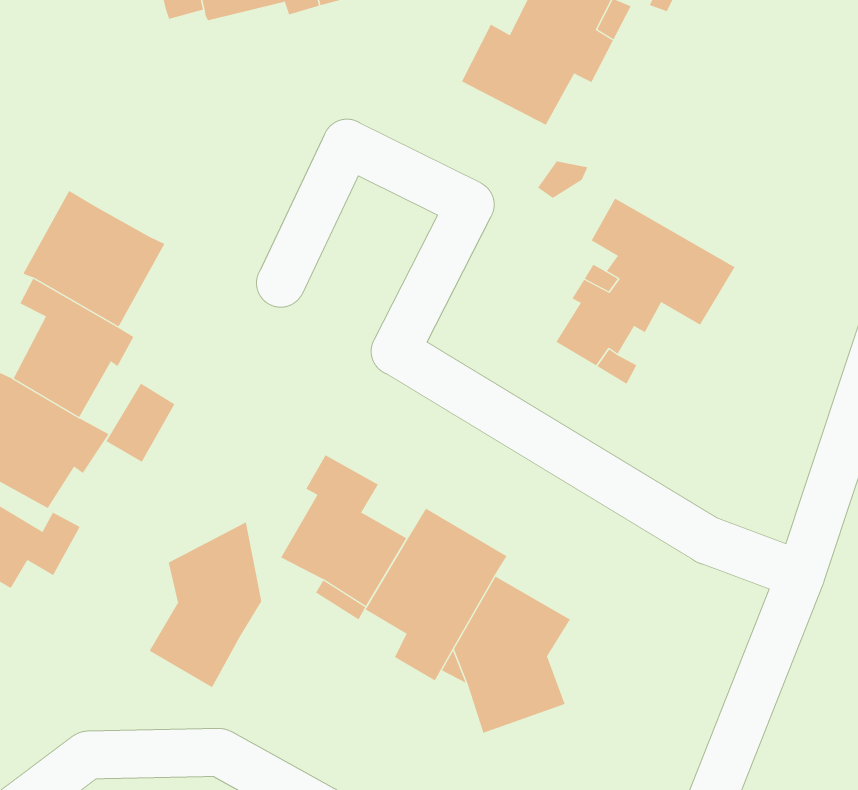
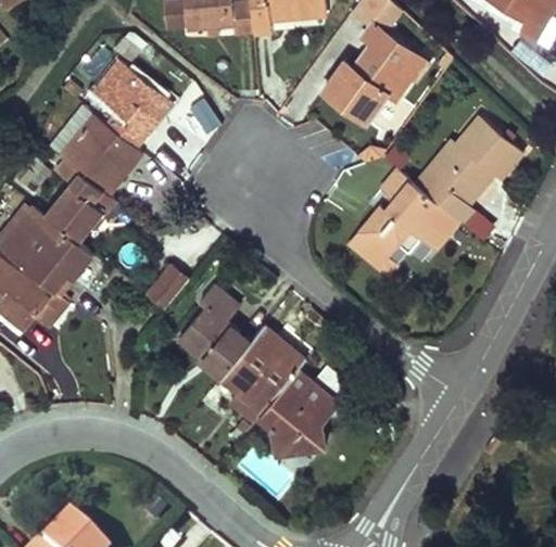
building: none -> [417,117,522,222]
building: none -> [98,60,174,148]
building: [105,383,175,462] -> [146,265,188,309]
building: [149,522,262,688] -> none

